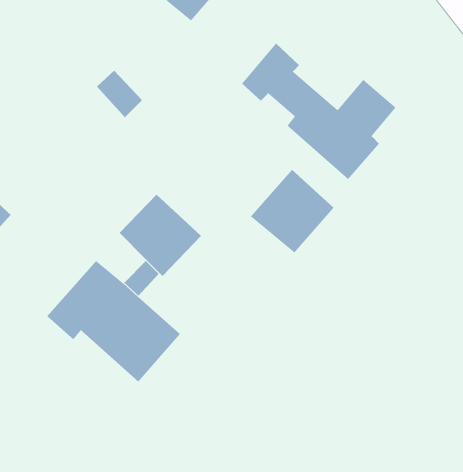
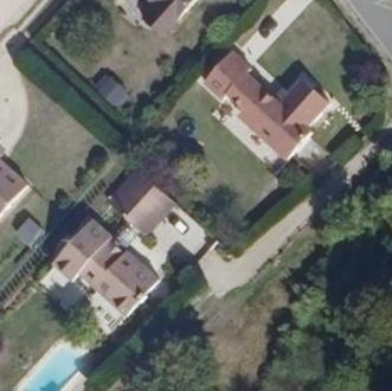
building: [250,169,335,254] -> none

